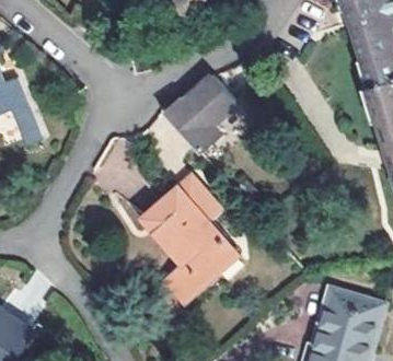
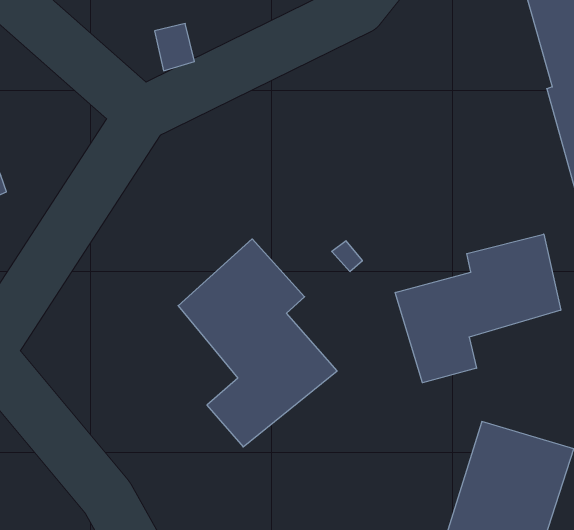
building: [160,72,231,158] -> none
building: none -> [395,234,561,383]

